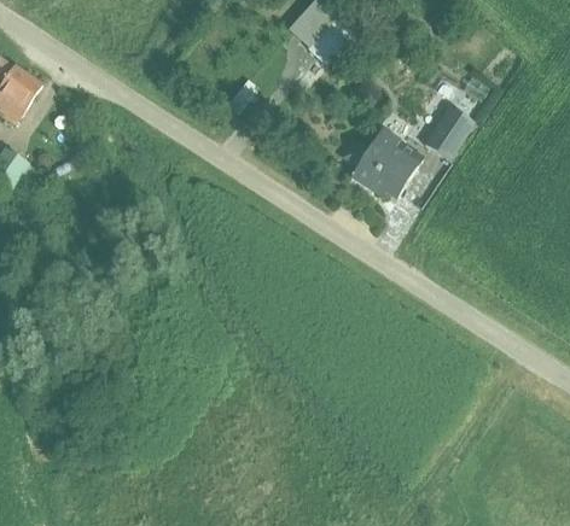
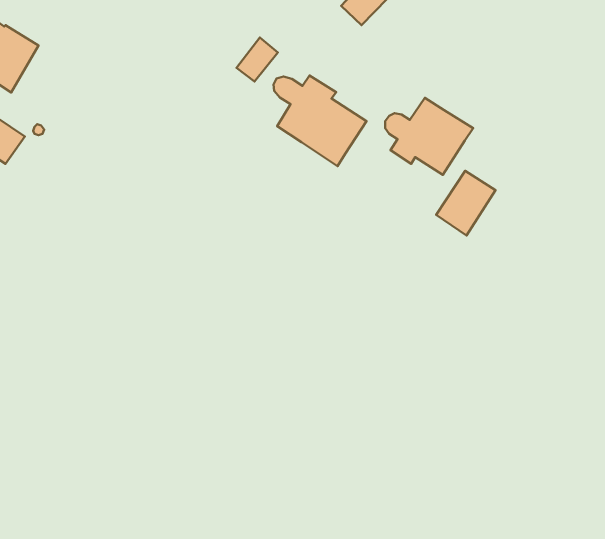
building: [424,105,476,162] -> [436,171,495,236]
building: none -> [274,75,367,166]

